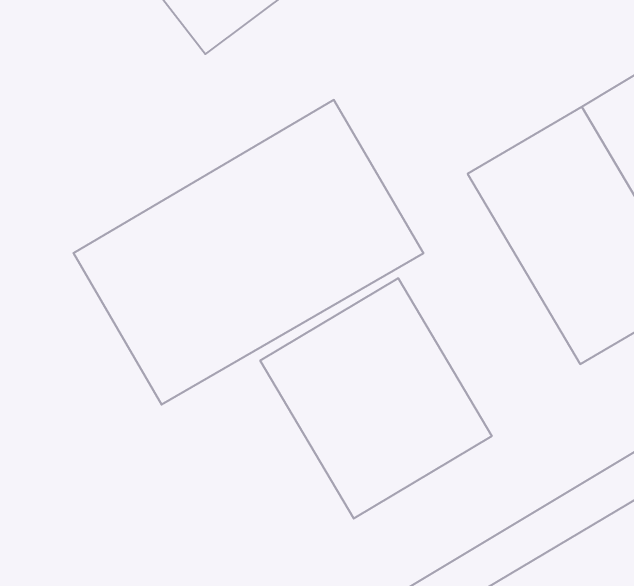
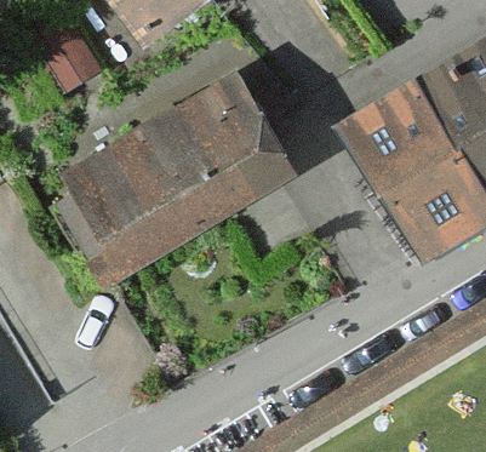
building: [260,278,492,519] -> none

